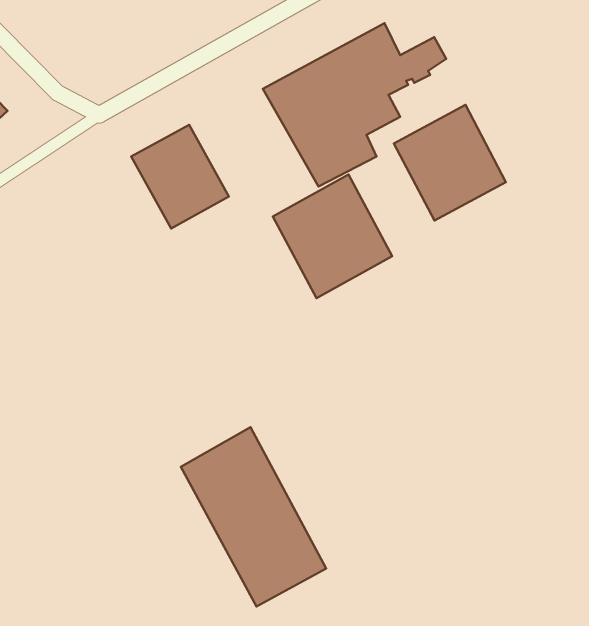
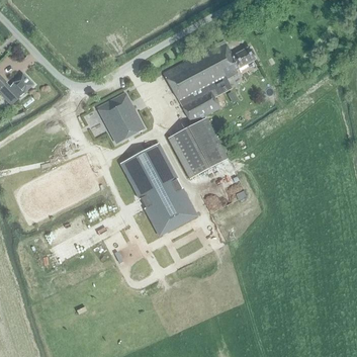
building: [394,105,506,221] -> none
building: [181,427,326,606] -> [121,144,195,235]

